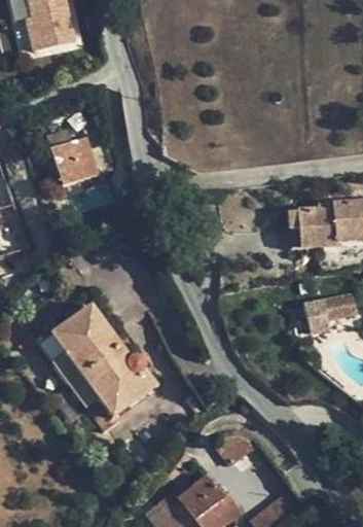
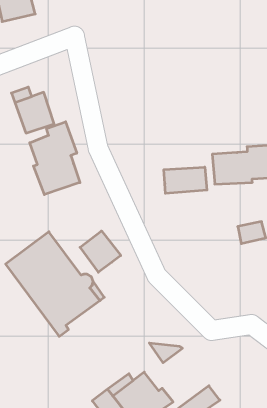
building: none -> [30,122,80,195]
building: none -> [164,167,207,193]
building: none -> [80,231,121,272]

